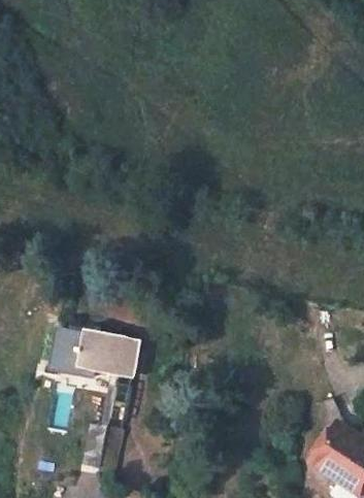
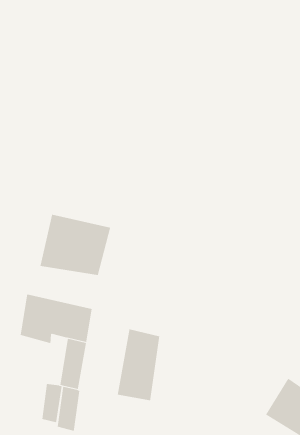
building: none -> [40,214,111,276]
building: none -> [117,329,160,401]

